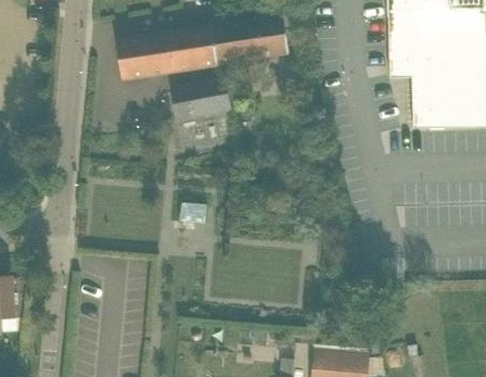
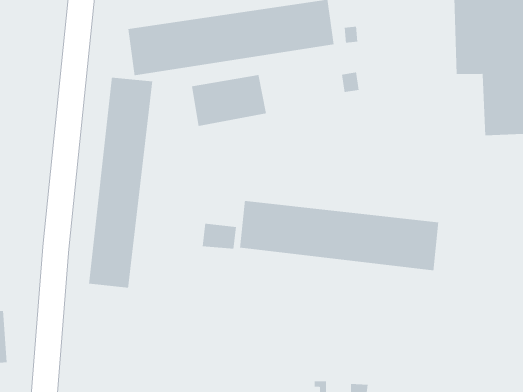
building: none -> [89,77,153,288]
building: none -> [239,200,439,271]

